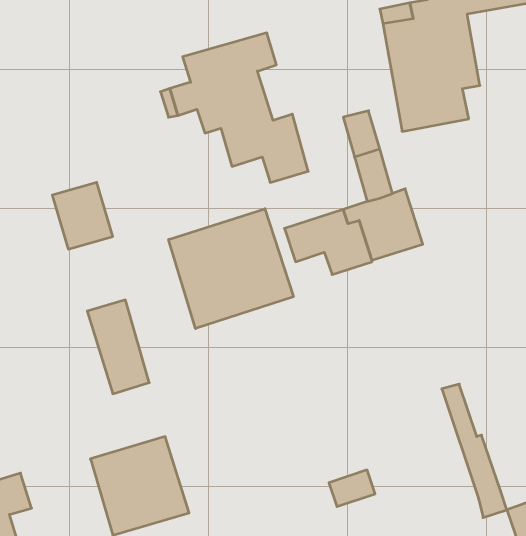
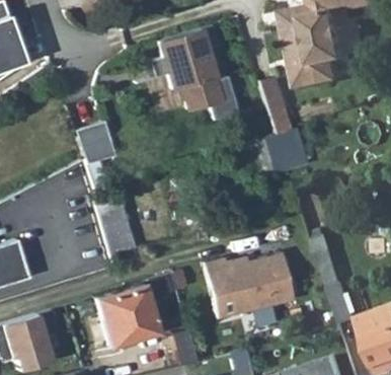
building: [169,209,293,329] -> none
building: none -> [206,252,293,316]

